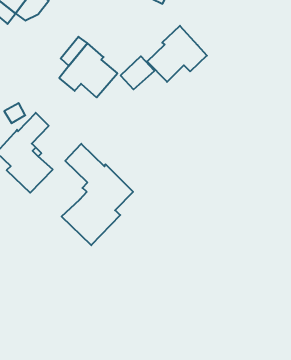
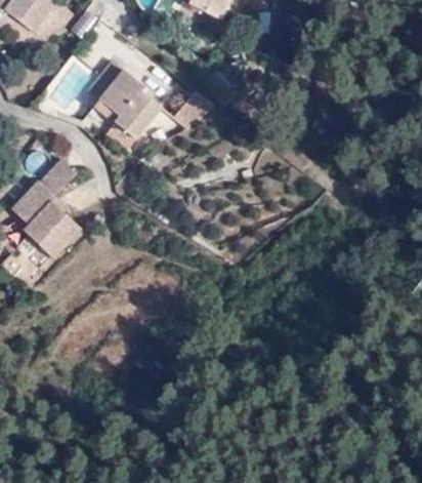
building: [147,26,207,82] -> none
building: [62,144,133,245] -> none

